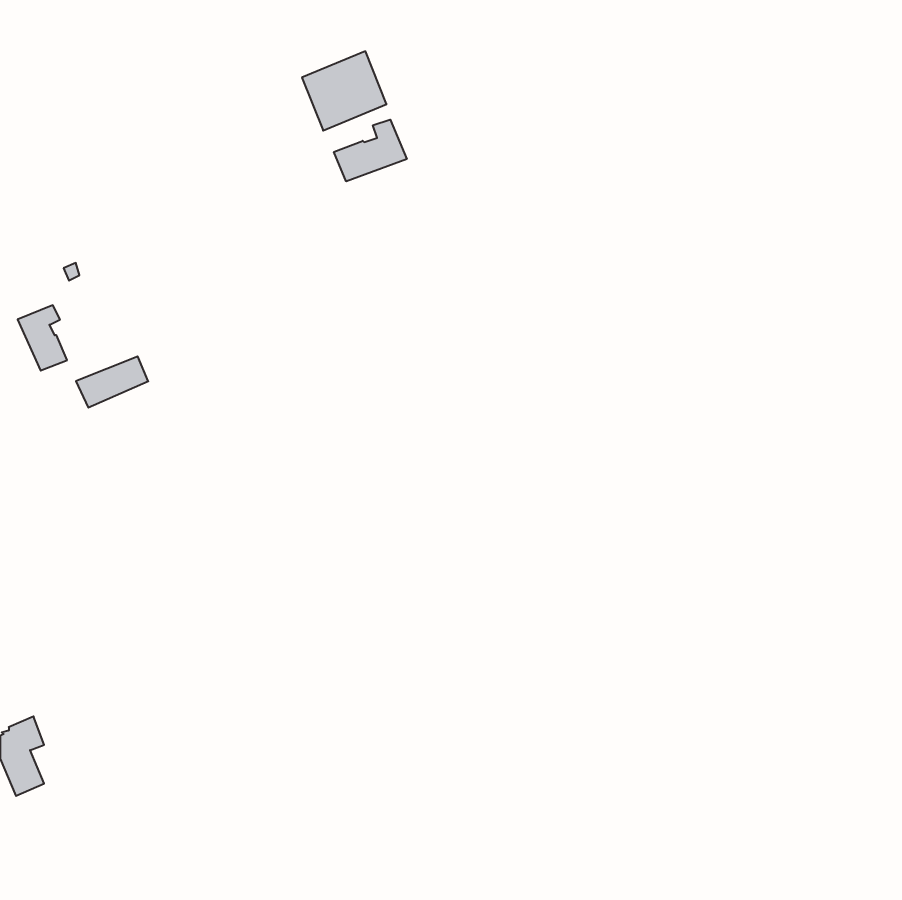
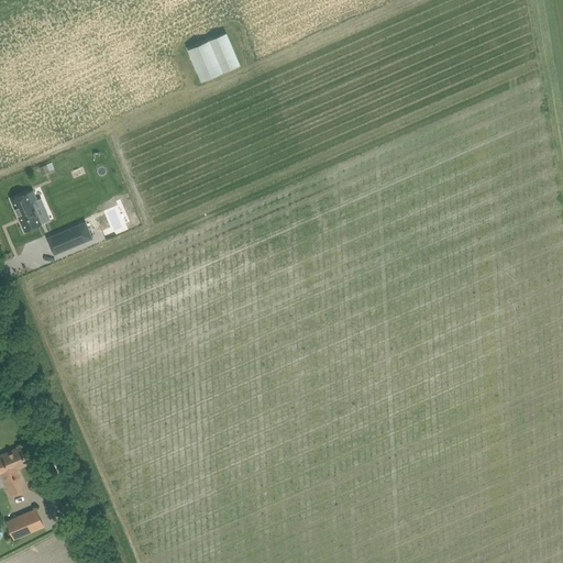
building: [334,120,407,181] -> none
building: none -> [8,509,44,539]

